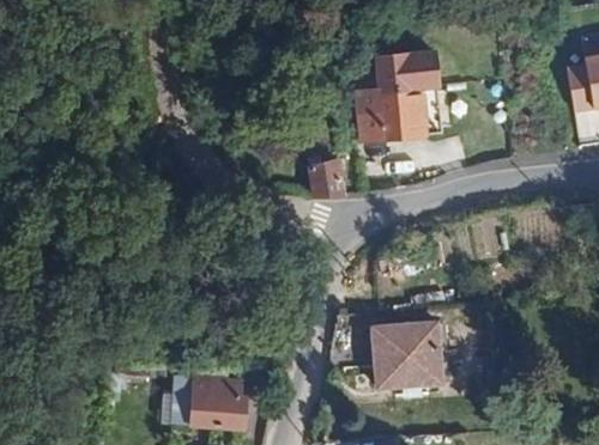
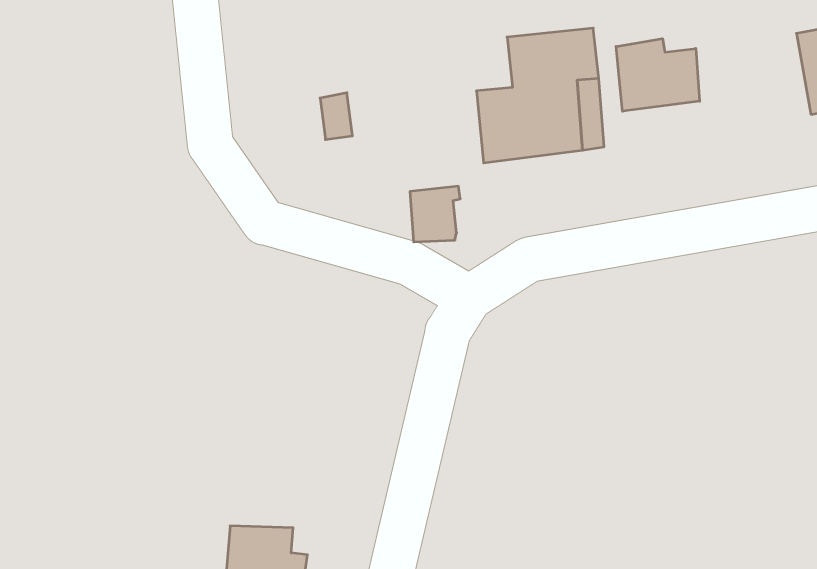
building: none -> [616,39,700,111]
building: [371,323,437,389] -> none

